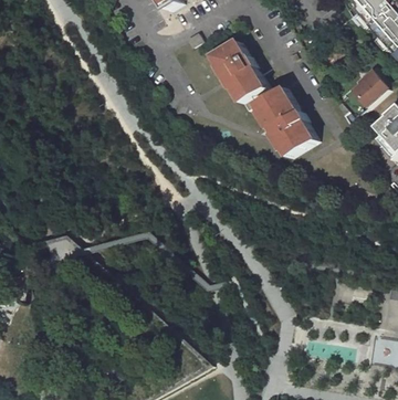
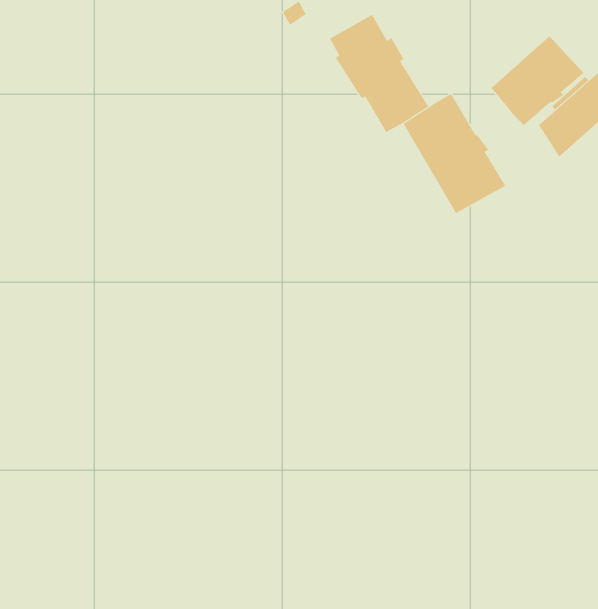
building: none -> [491,35,584,126]

